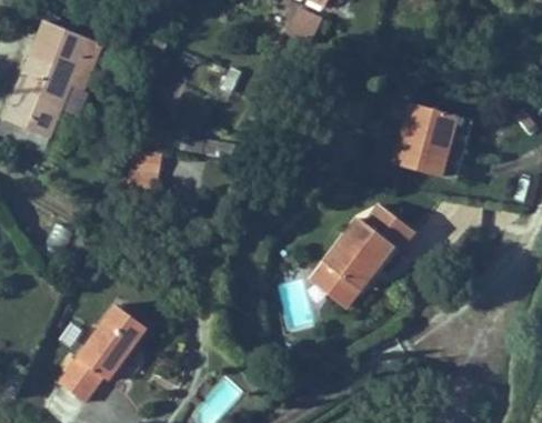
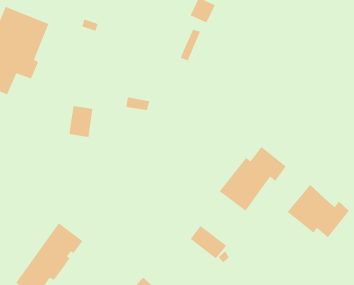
building: [394,103,456,177] -> none
building: none -> [287,184,350,238]
building: [311,263,360,308] -> [190,225,227,259]

